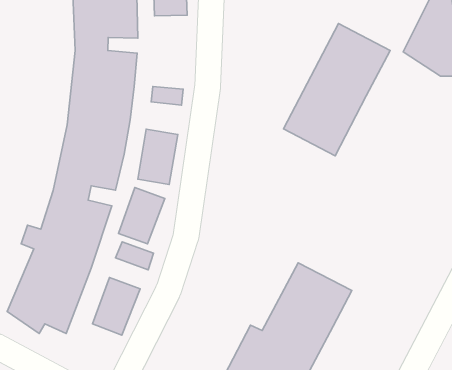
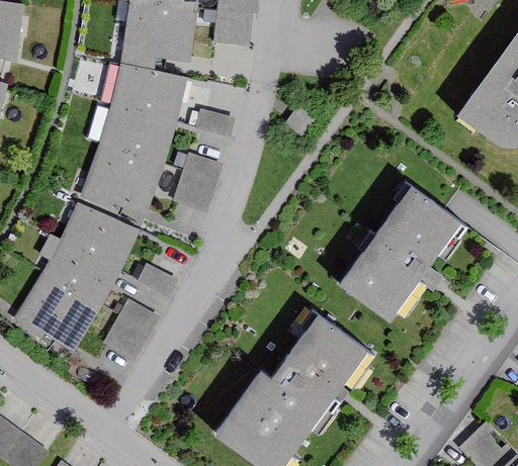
building: [284,23,390,156] -> [342,184,462,318]
building: [118,188,165,244] -> none

